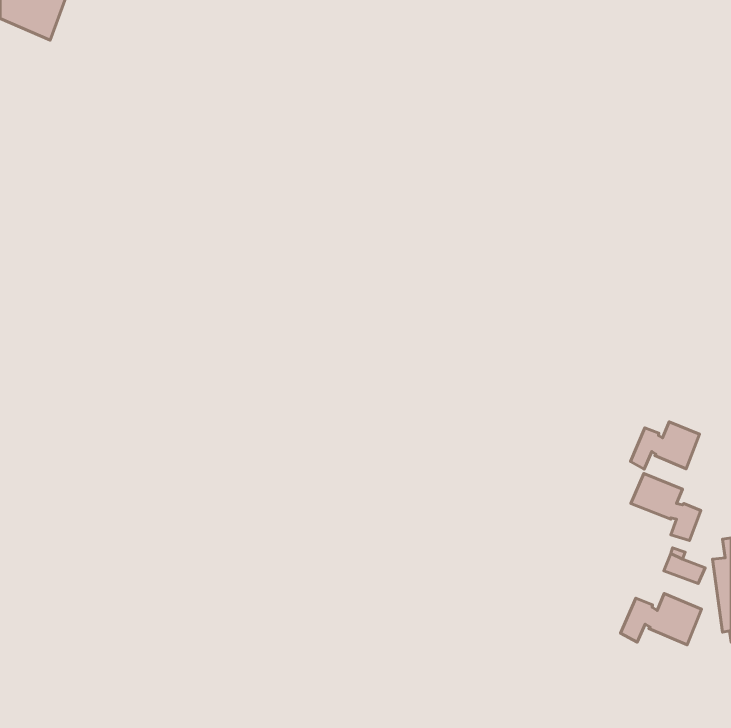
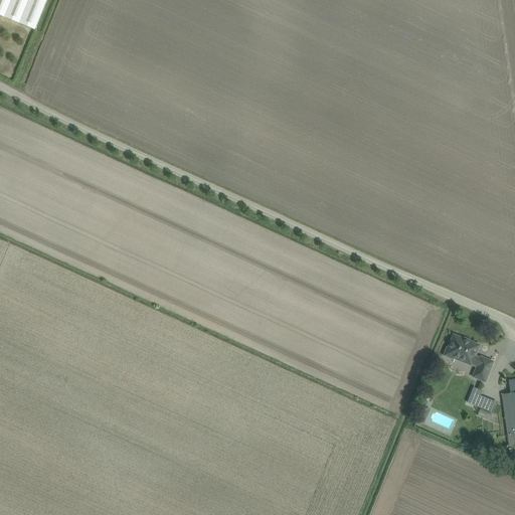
building: [631,422,700,469] -> none
building: [621,594,701,645] -> none

